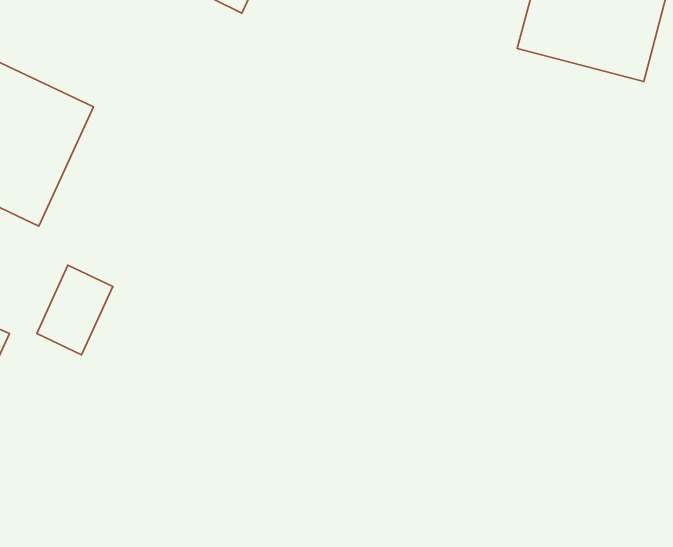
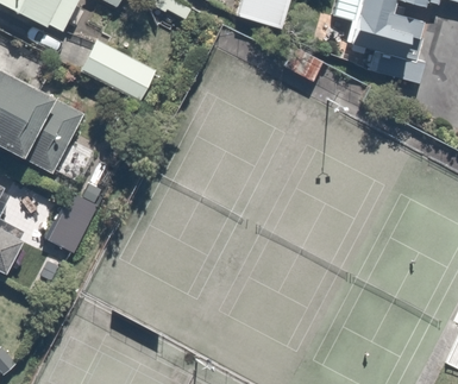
building: none -> [80,40,155,101]

